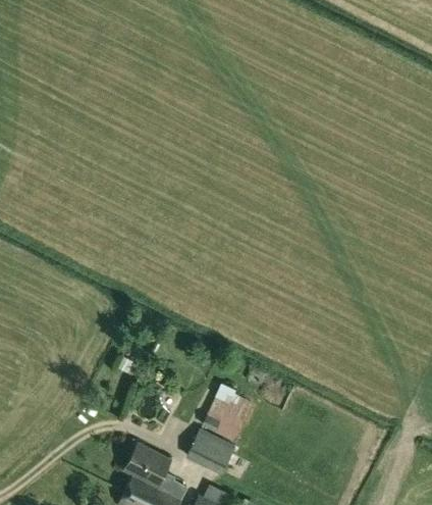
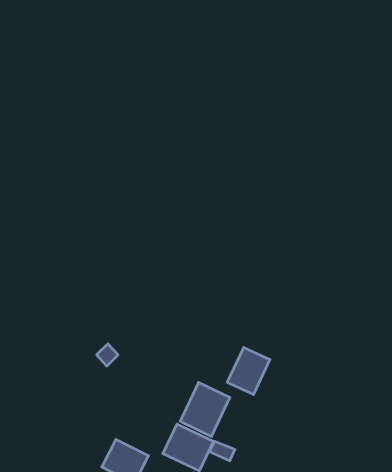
building: none -> [227,347,270,395]

